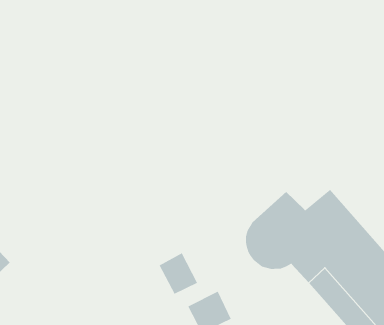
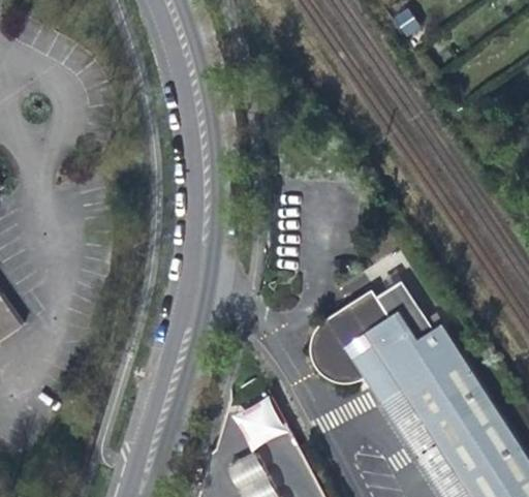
building: [158,252,198,295] -> none

